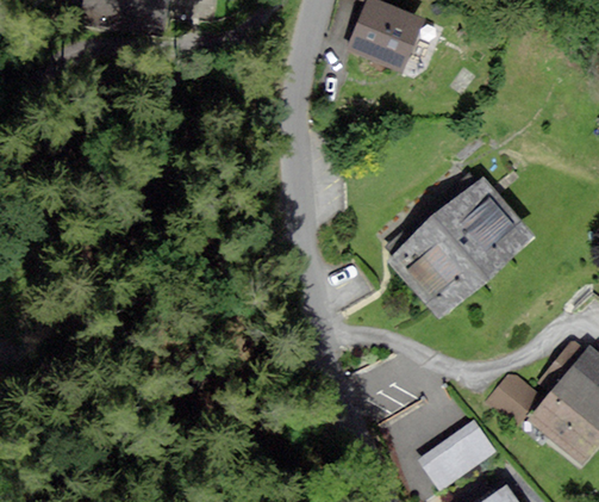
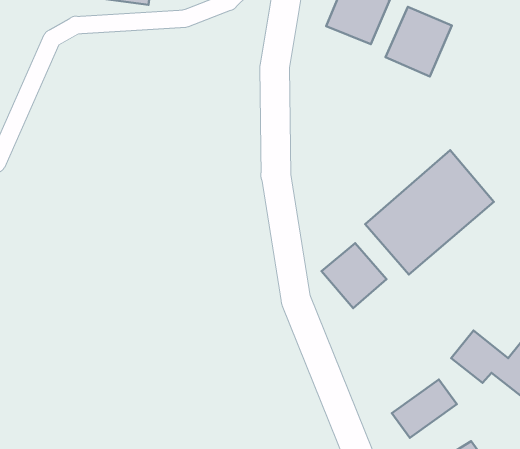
building: none -> [385,7,452,77]
building: none -> [322,243,386,308]

